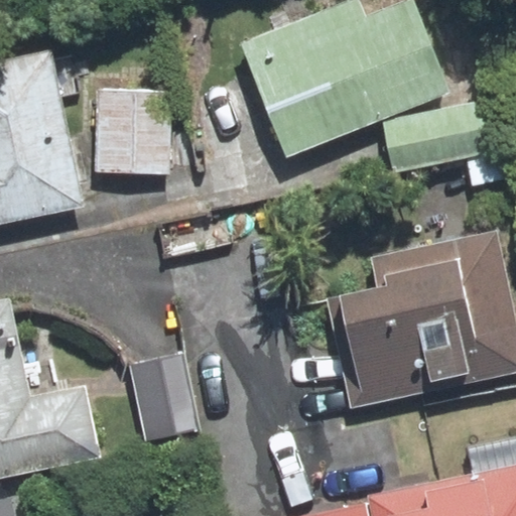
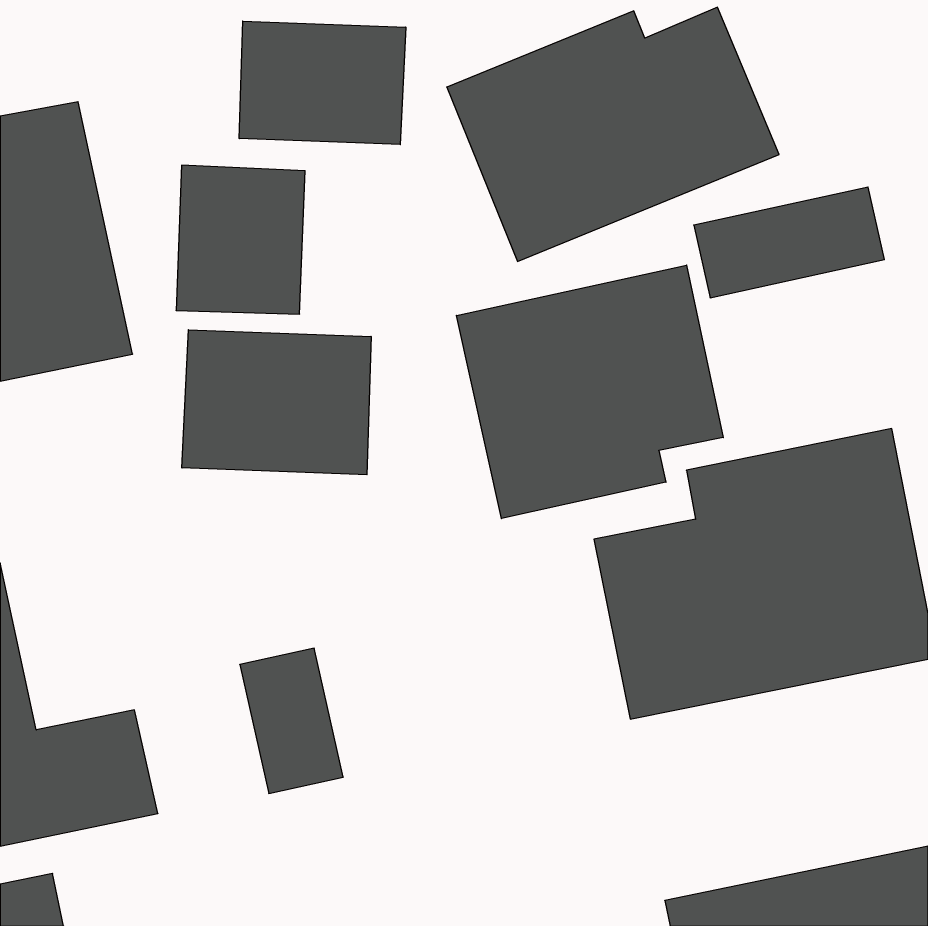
building: none -> [239,21,406,145]
building: none -> [456,265,723,519]
building: none -> [182,330,371,475]

